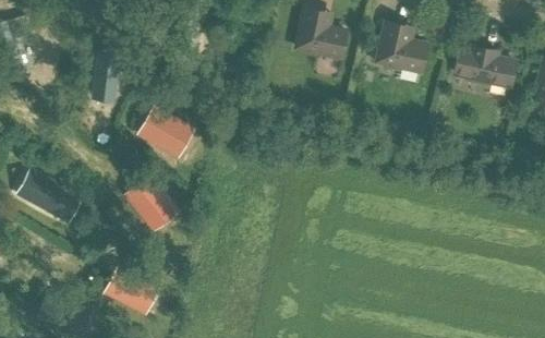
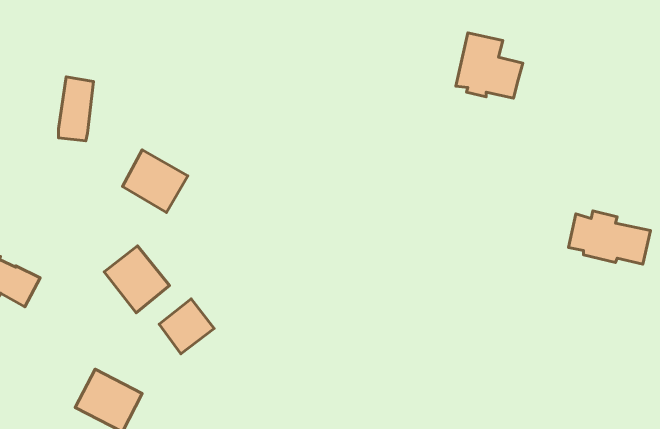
building: [298,10,346,57] -> none
building: [457,48,516,86] -> [568,211,651,264]
building: none -> [159,299,214,354]

